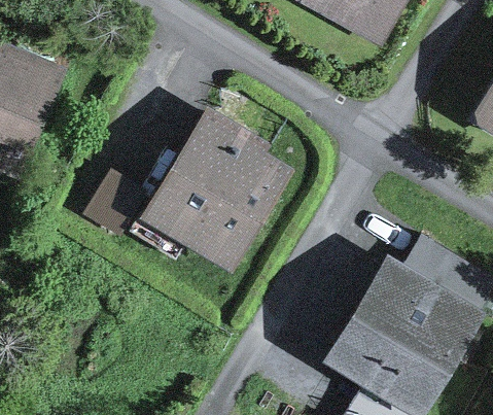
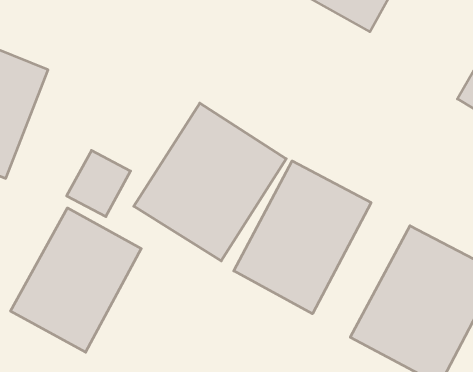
building: none -> [234,161,371,314]
building: none -> [11,208,141,352]

